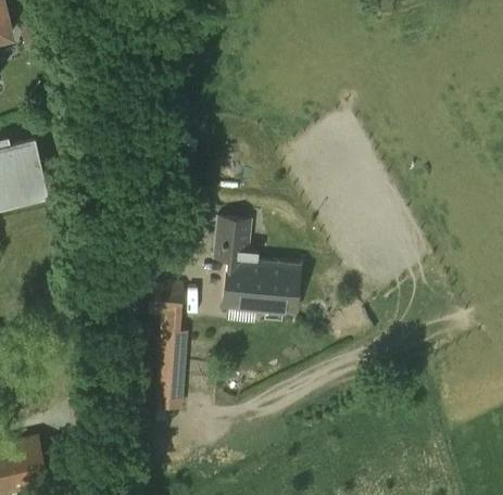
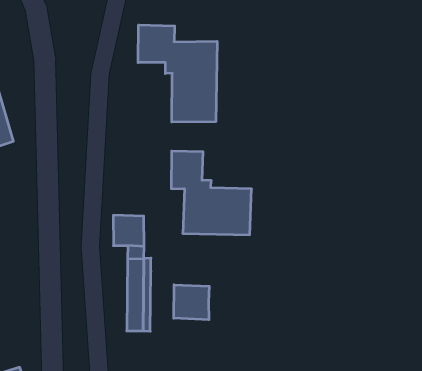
building: none -> [138,25,217,122]
building: none -> [174,285,209,320]

